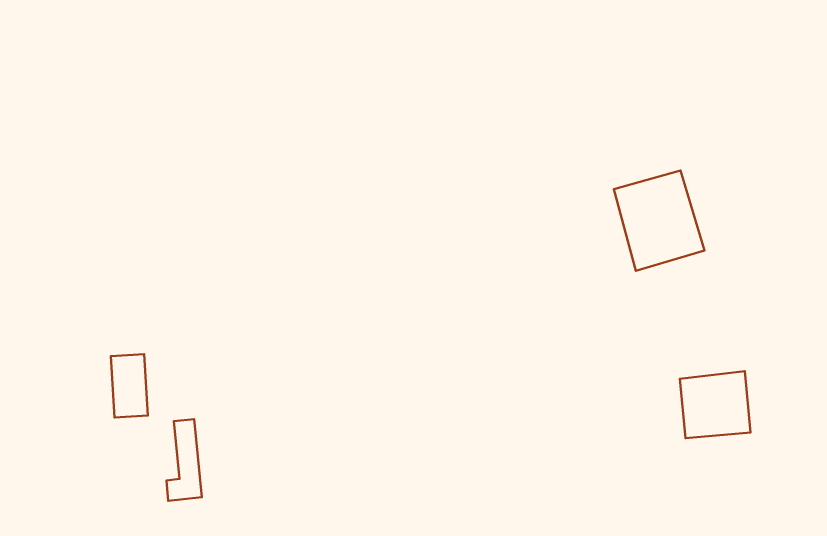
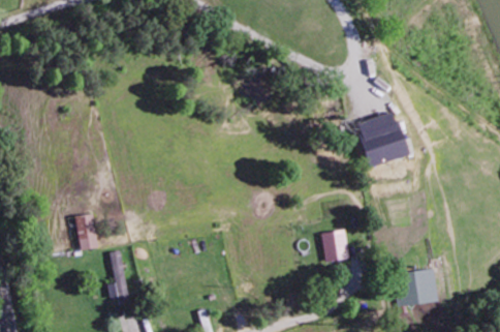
building: [680,371,750,438] -> [397,269,436,306]
building: none -> [322,230,350,262]

